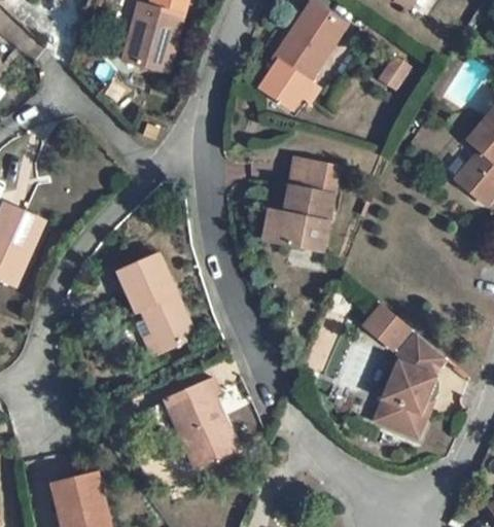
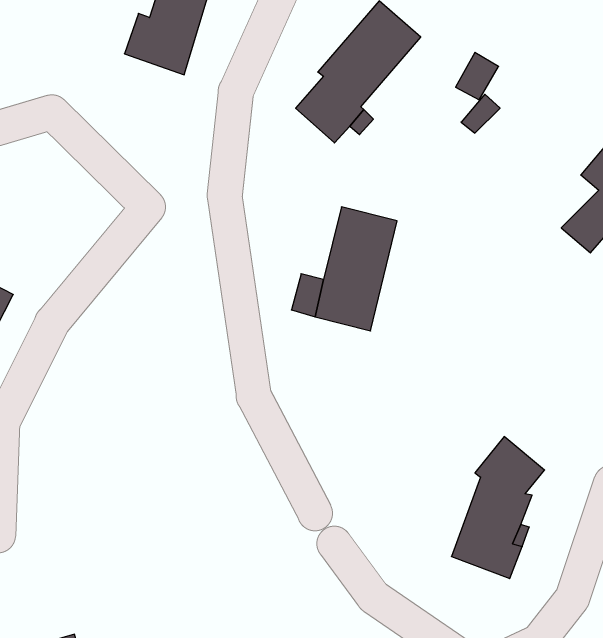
building: [120,255,193,354] -> none
building: [361,301,407,344] -> none
building: [166,382,235,465] -> none

